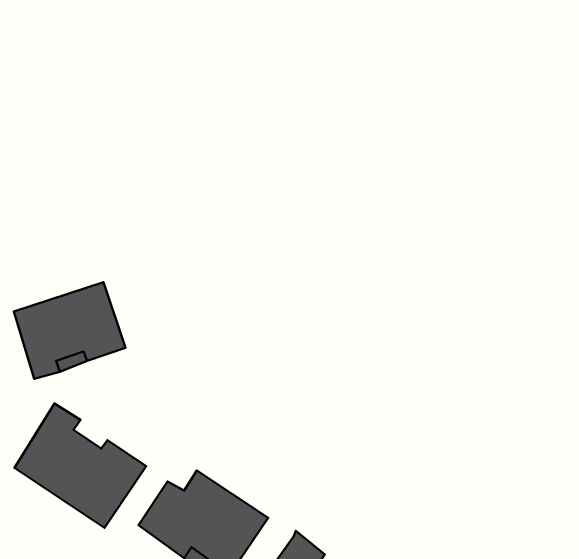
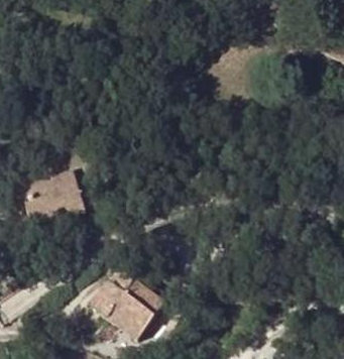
building: [14,404,146,528] -> none

